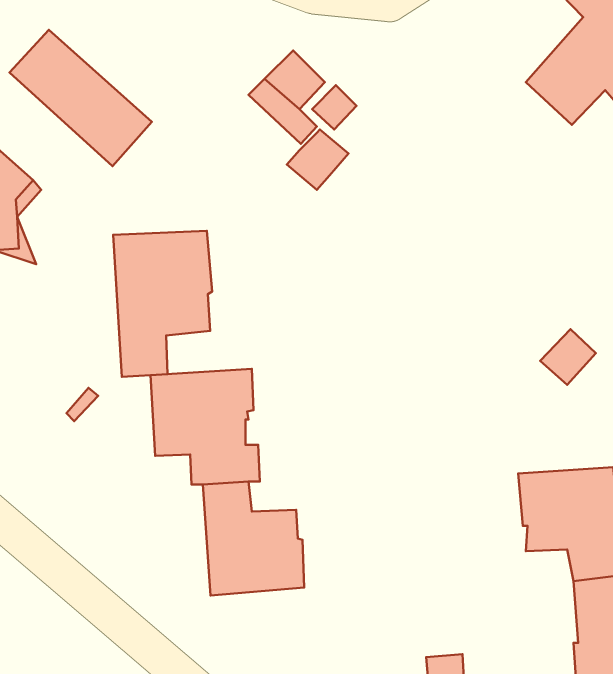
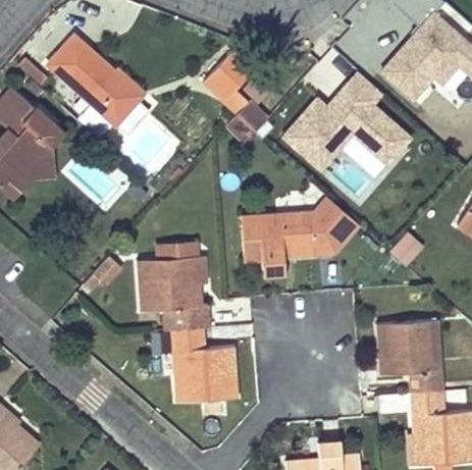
building: none -> [293,73,413,166]
building: [113,231,212,377] -> none
building: none -> [242,196,360,276]

